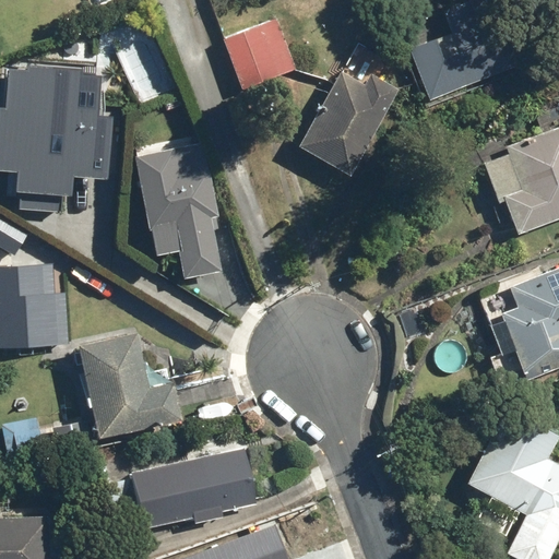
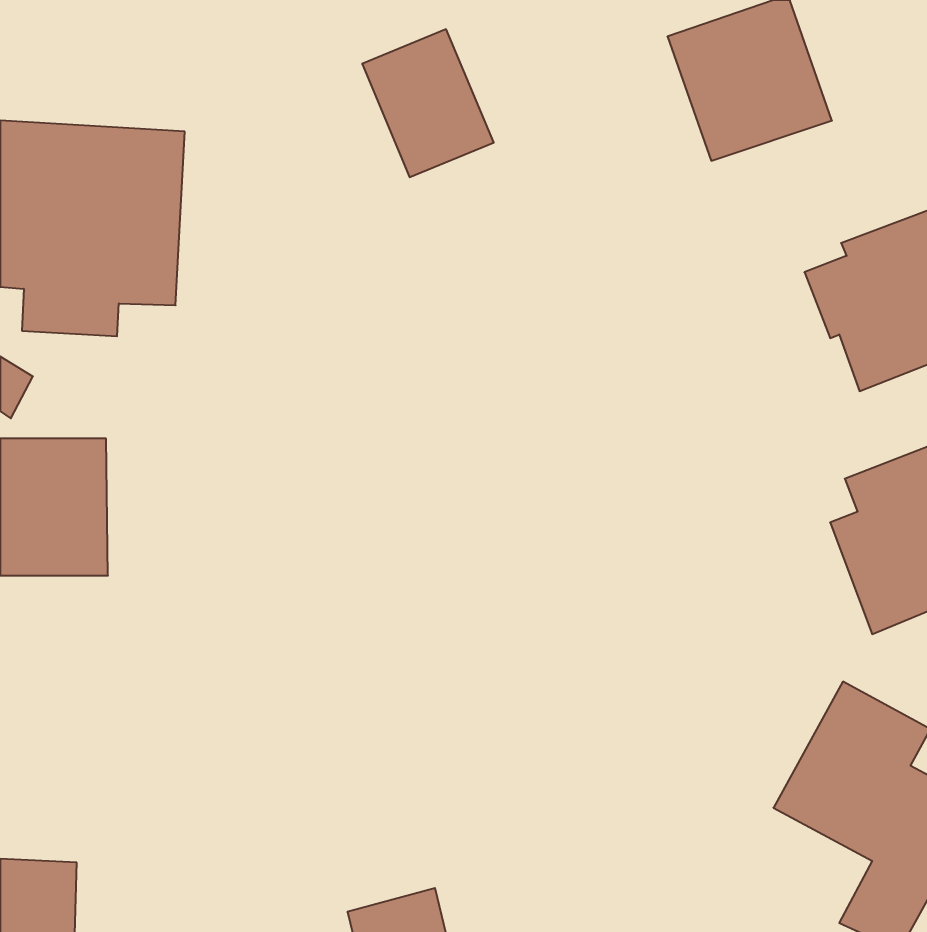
building: [306,78,389,178] -> none
building: [133,145,218,273] -> none
building: [73,345,173,437] -> none
building: [124,447,259,526] -> none

